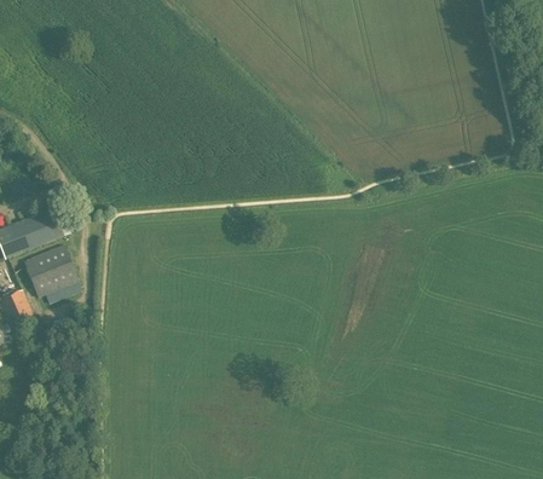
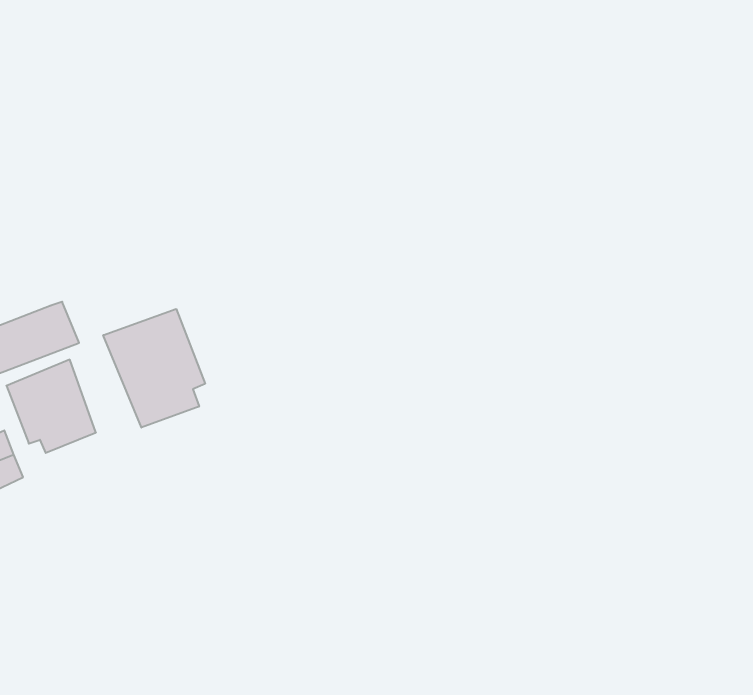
building: none -> [103,309,205,428]

